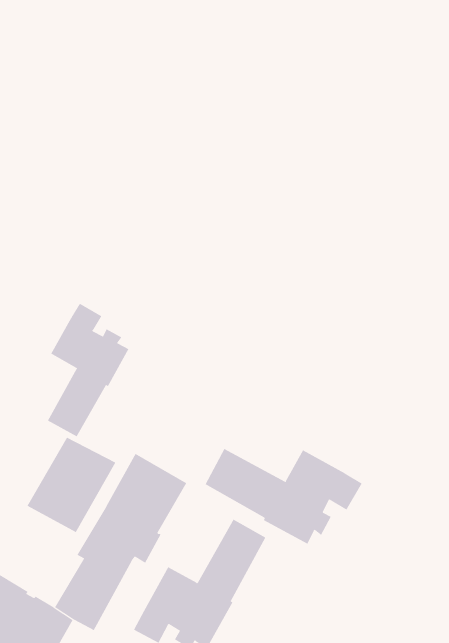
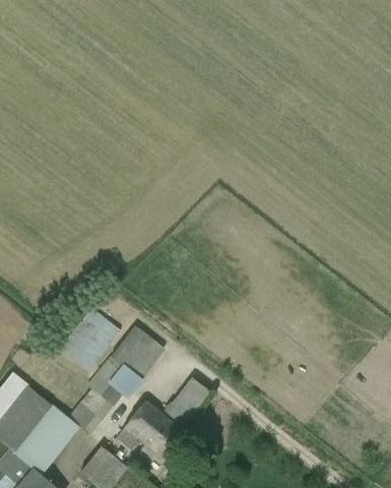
building: [47,303,129,437] -> none
building: [205,448,362,545] -> none

